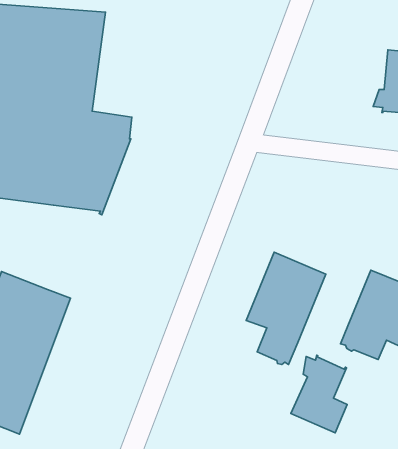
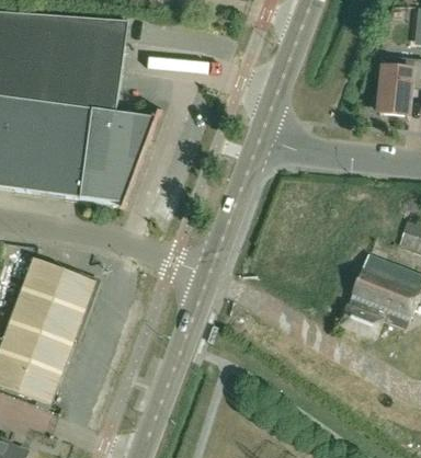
building: [246,252,326,365] -> none
building: [291,355,347,433] -> none

